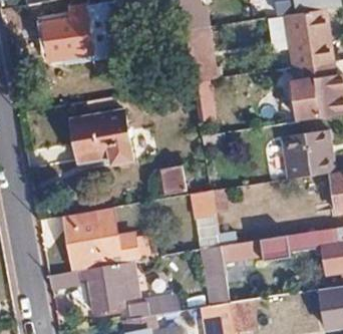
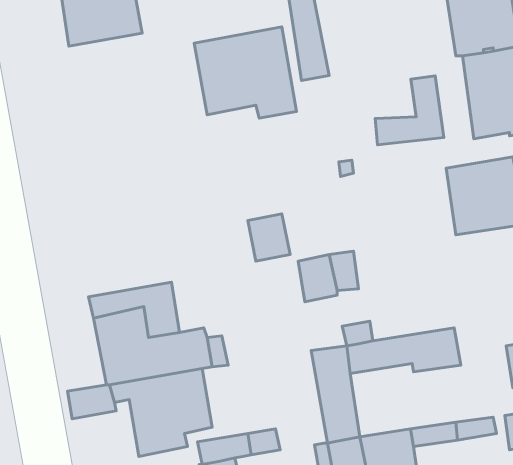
building: none -> [375,76,444,145]
building: [69,108,132,164] -> [194,27,297,118]

